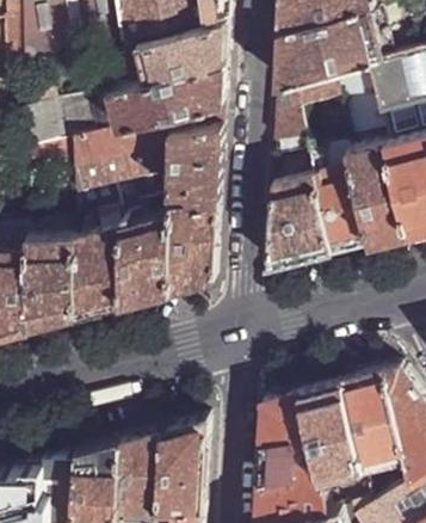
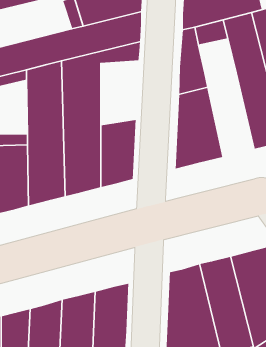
building: [169,129,220,210] -> none
building: [305,143,370,256] -> none

